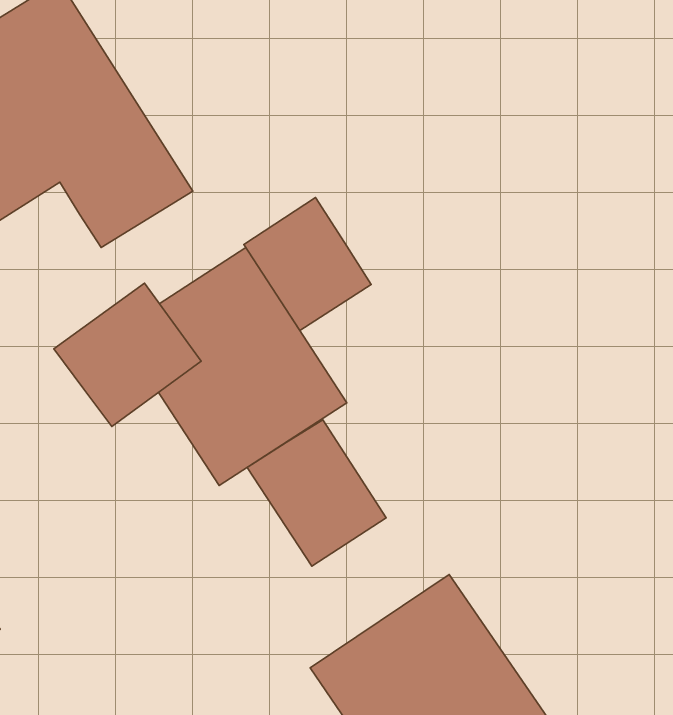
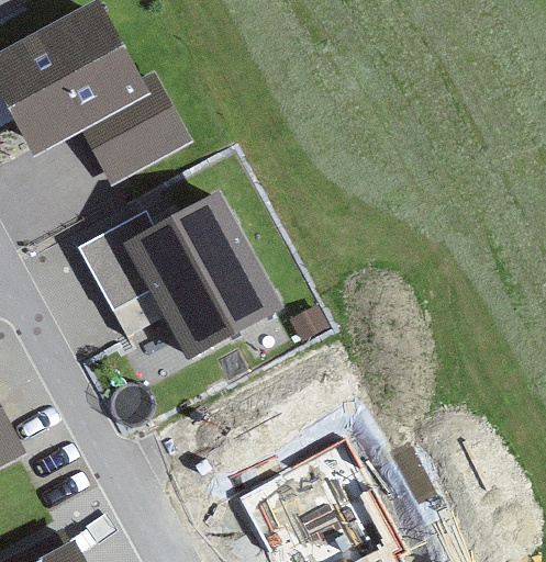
building: [244,197,371,330] -> none
building: [247,420,386,566] -> none

